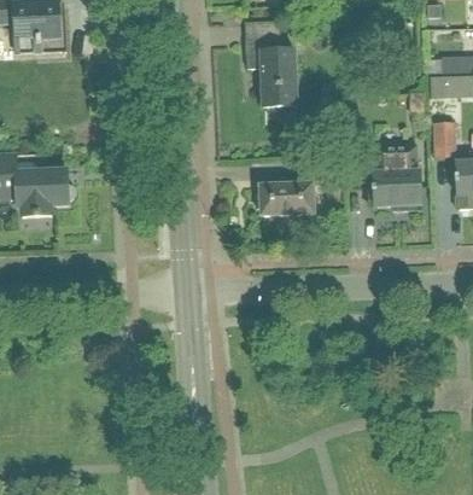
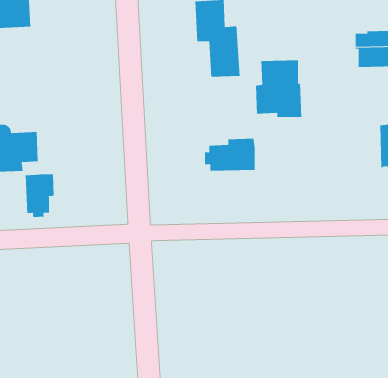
building: [433,121,456,157] -> none
building: [369,144,422,209] -> [255,60,302,118]
building: none -> [25,173,54,218]

